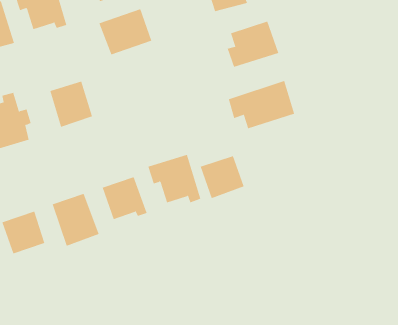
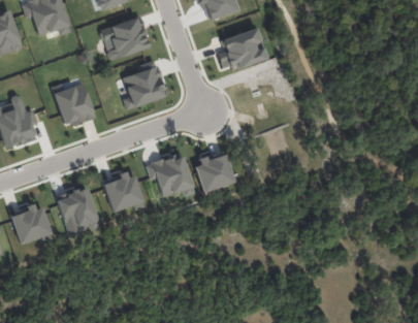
building: none -> [123,60,167,109]
building: [228,80,295,129] -> none

